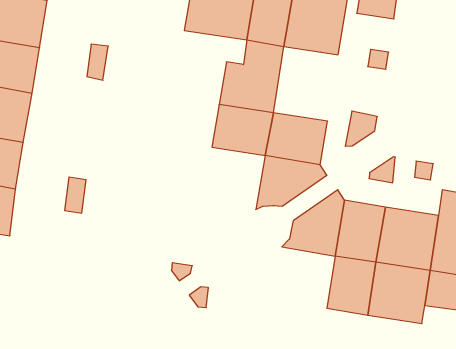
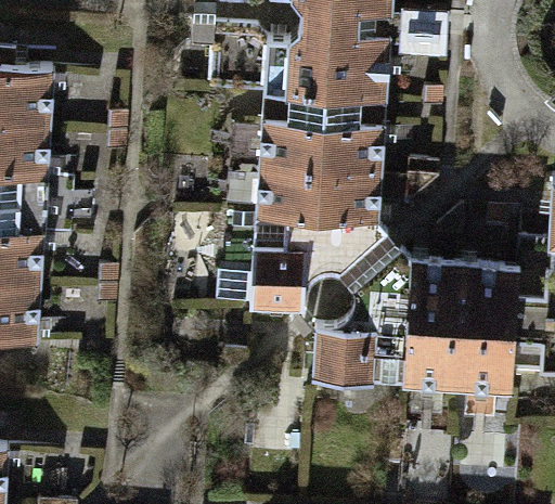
building: none -> [320,98,385,177]
building: none -> [248,219,315,312]
building: none -> [312,323,405,387]

